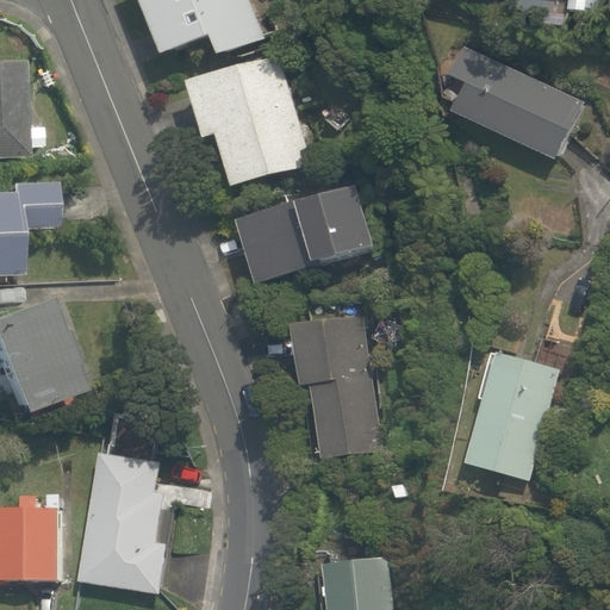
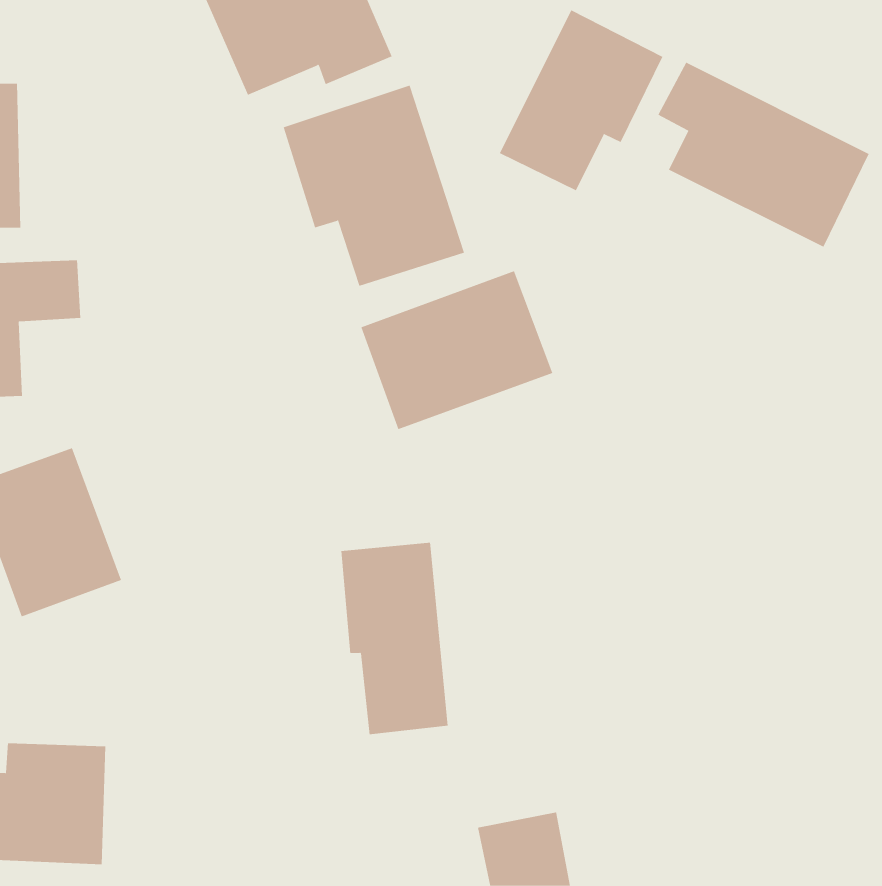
building: none -> [499,9,663,191]
building: [295,315,368,444] -> [341,542,448,735]
building: [463,343,556,477] -> none
building: [80,447,173,590] -> none

